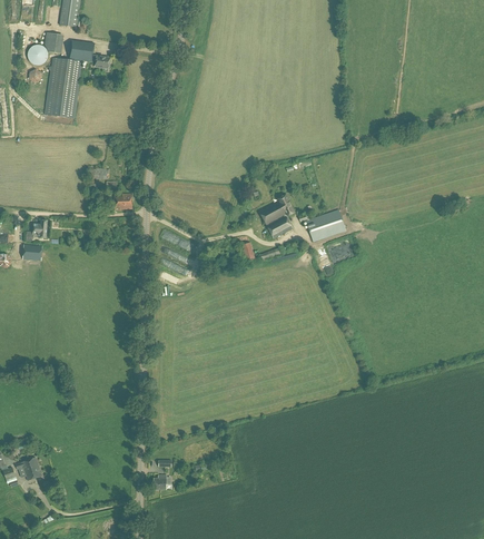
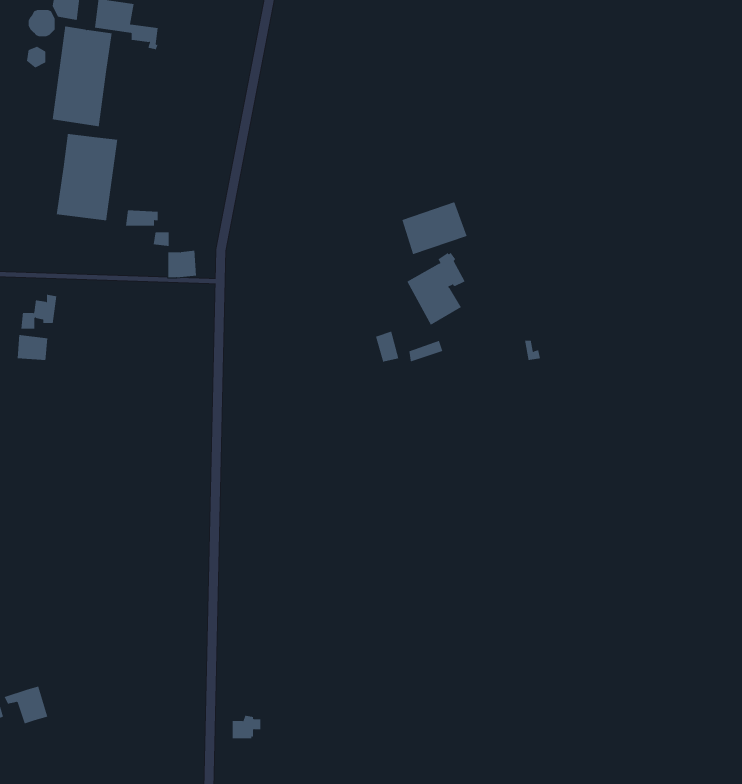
building: none -> [56,133,118,221]
building: [305,209,345,242] -> [401,201,468,255]

